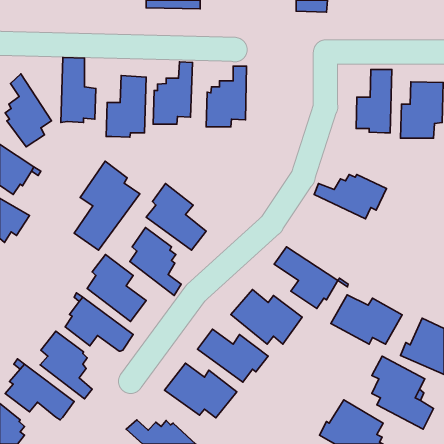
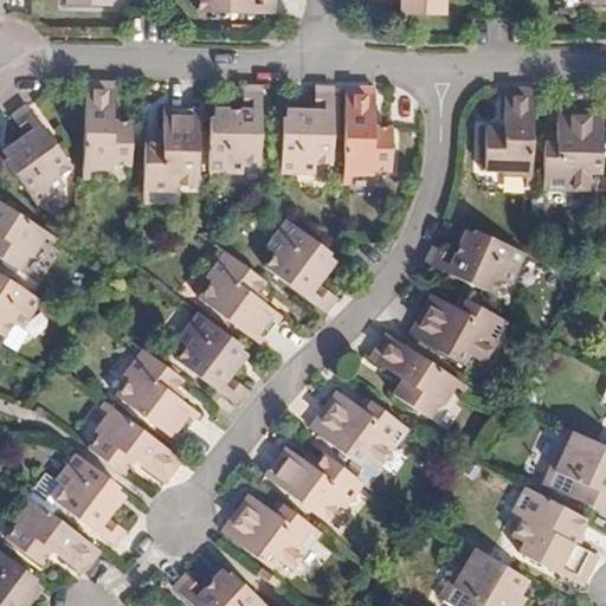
building: none -> [344,88,393,174]
building: none -> [267,219,337,310]
building: [74,161,140,250] -> none
building: [331,295,402,344] -> [411,297,508,365]

